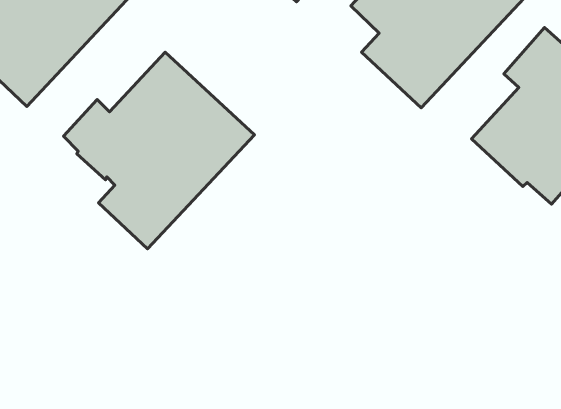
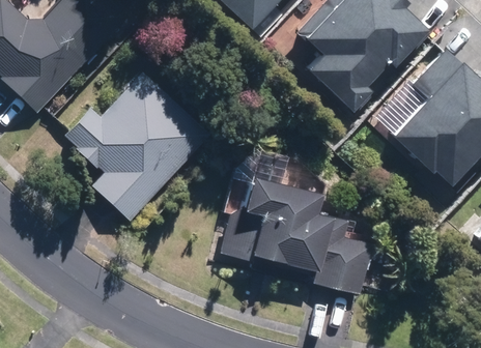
building: none -> [228,174,378,294]

